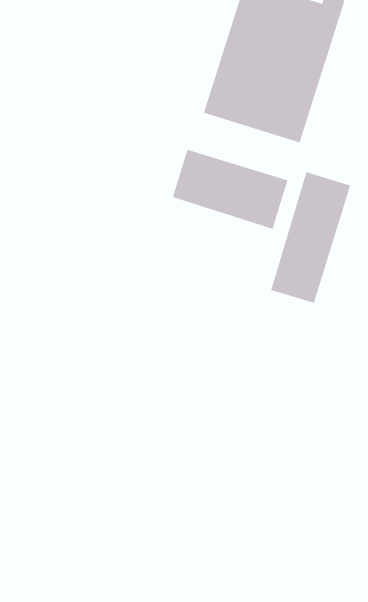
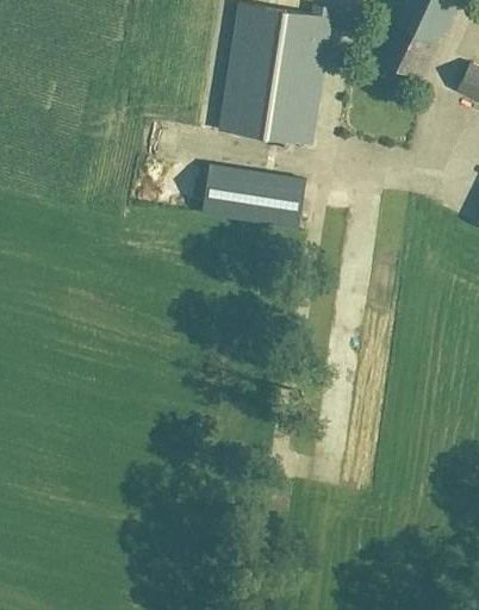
building: [270,171,351,304] -> none

